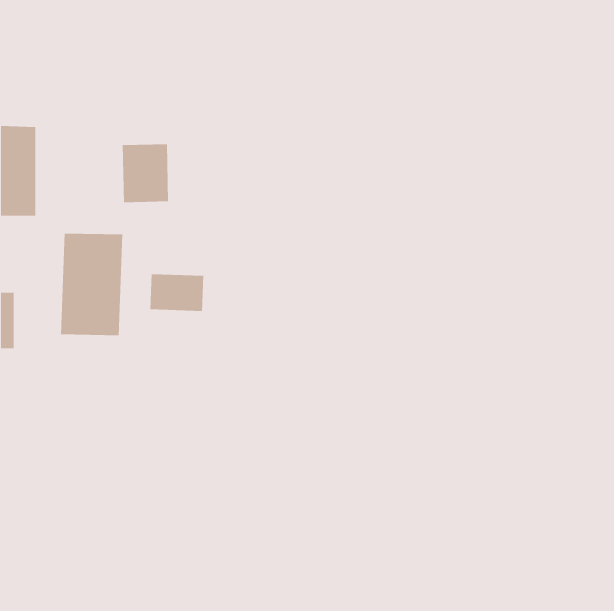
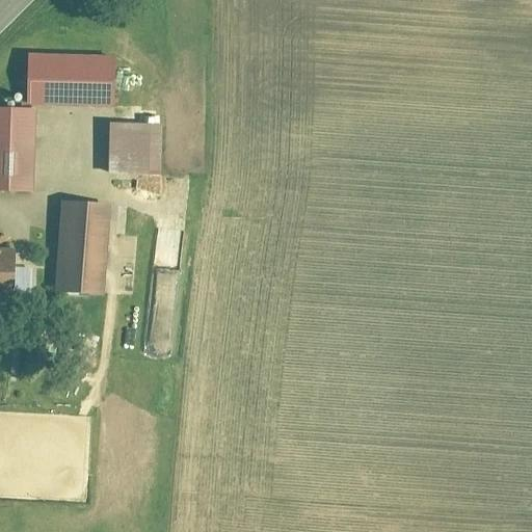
building: none -> [27,56,121,101]
building: [150,273,204,312] -> none

